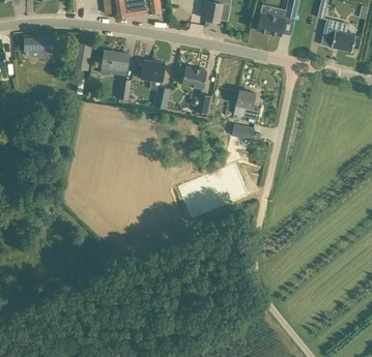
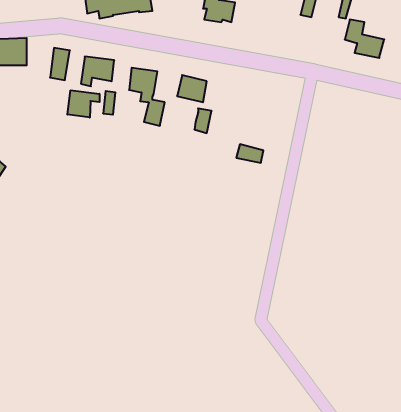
building: [257,13,284,34] -> none
building: none -> [67,90,100,118]
building: [234,89,259,118] -> none

